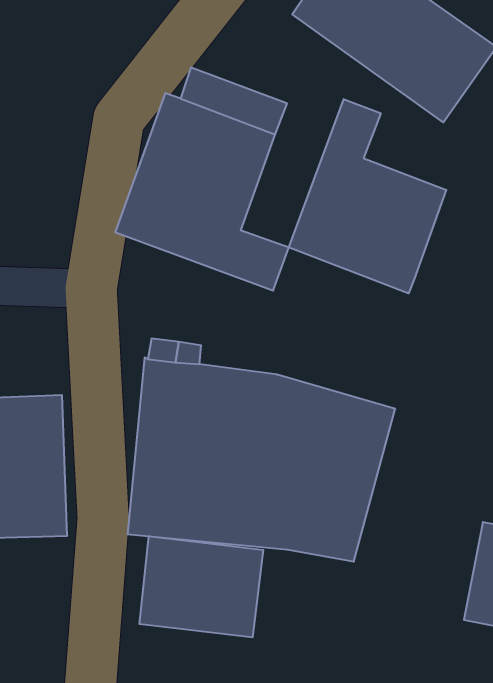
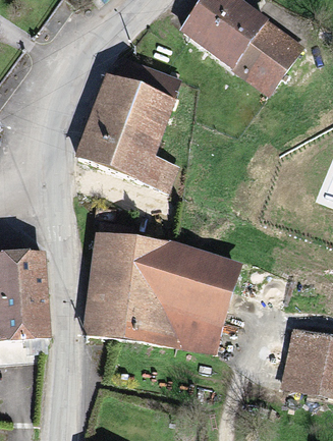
building: [289,99,446,293] -> none
building: [139,536,263,637] -> none

